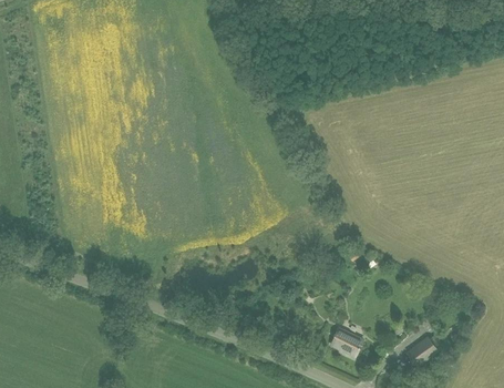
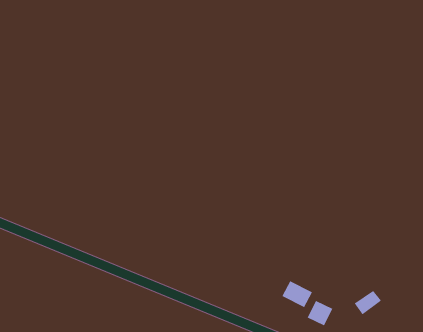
building: none -> [307,300,333,326]

